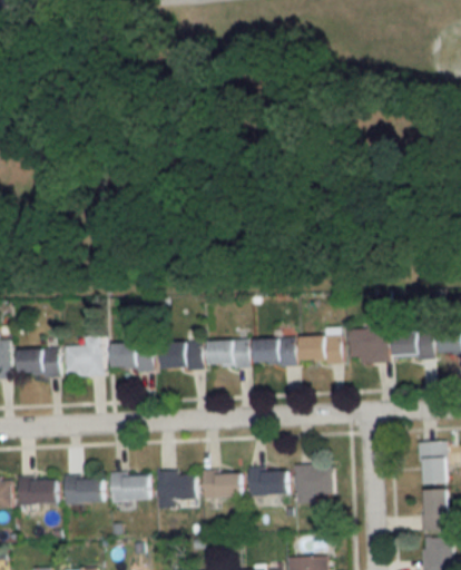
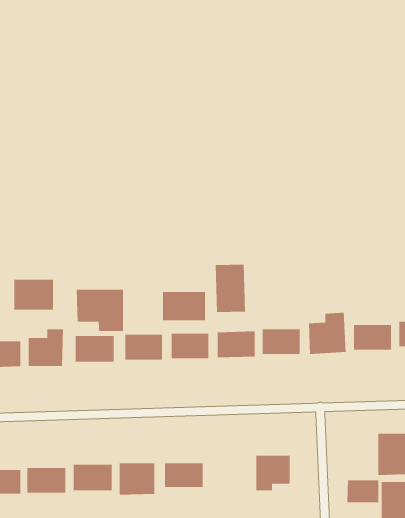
building: none -> [215,264,246,313]
building: none -> [14,279,54,311]
building: none -> [76,289,124,332]
building: none -> [162,291,206,321]
building: [248,469,290,495] -> none
building: none -> [346,480,379,503]

